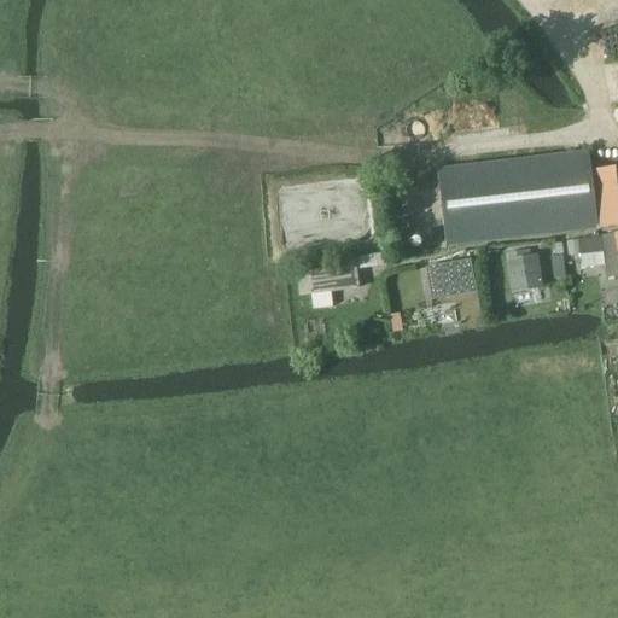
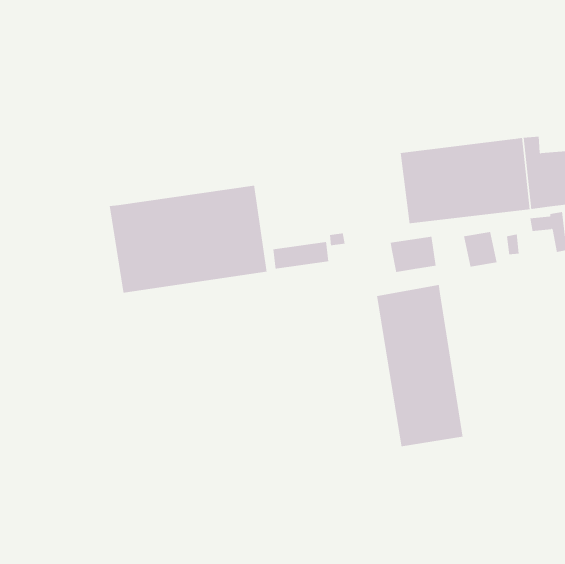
building: none -> [109,185,267,294]
building: none -> [377,284,463,447]

